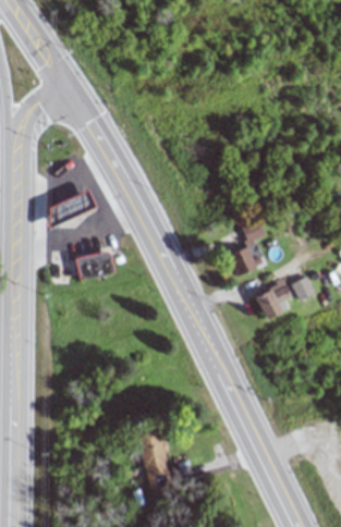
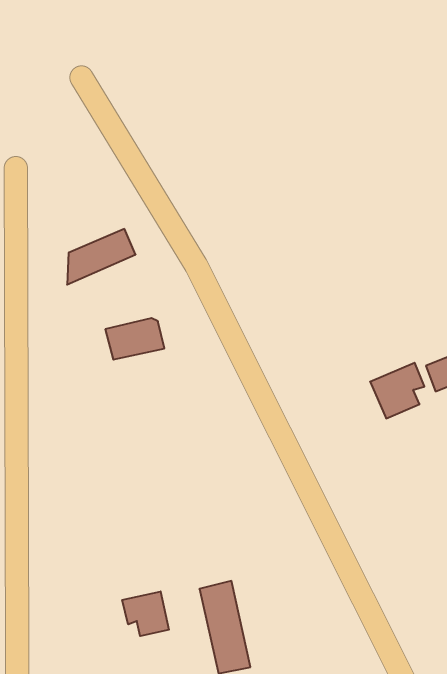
building: [228,219,266,275] -> none
building: none -> [122,591,169,636]

